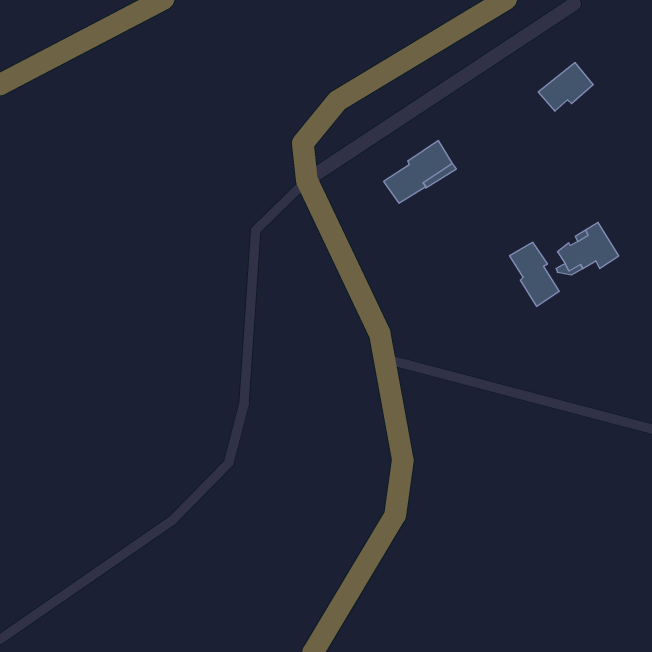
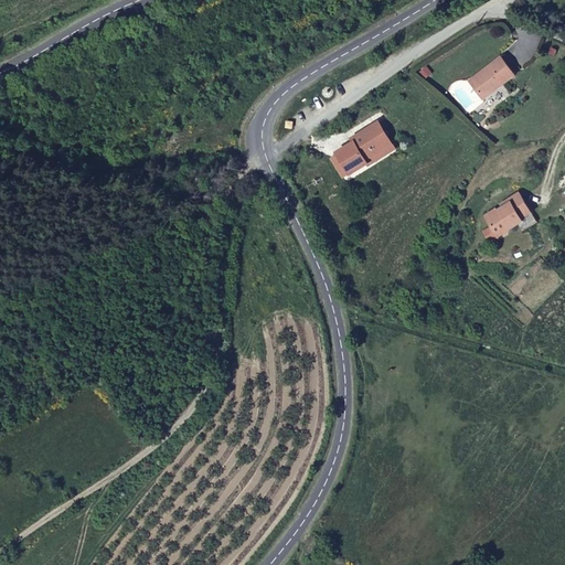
building: [510,242,559,306] -> none

